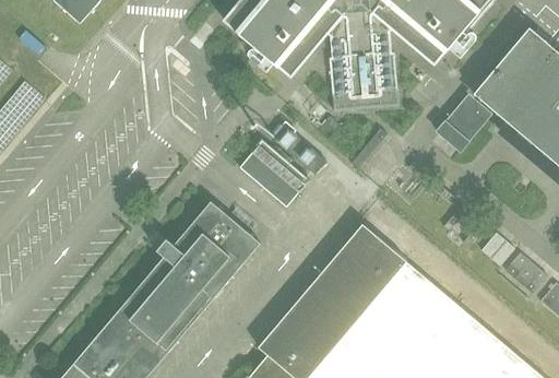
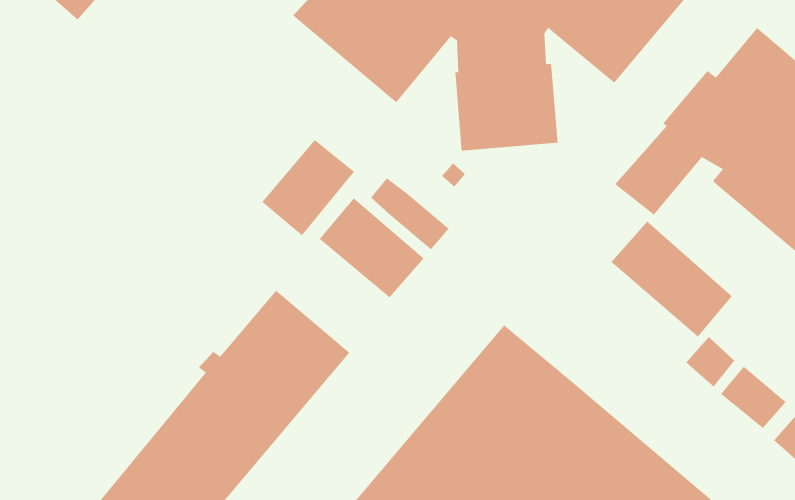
building: none -> [262,139,355,236]
building: none -> [611,221,732,337]

